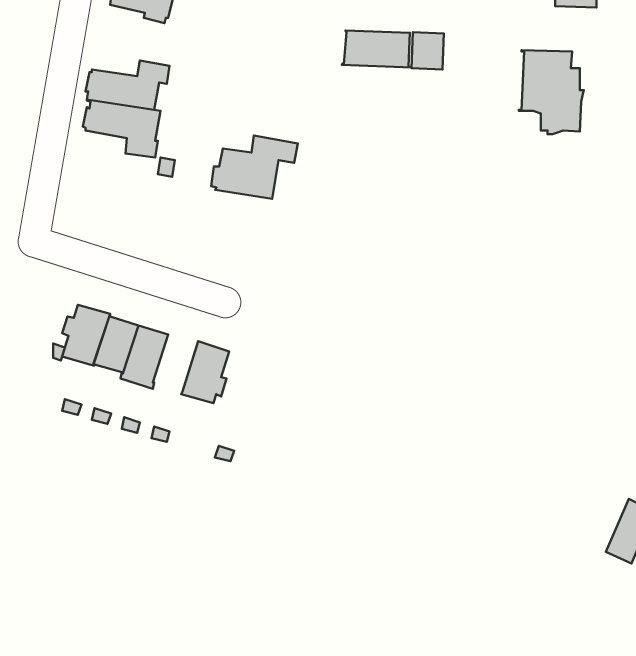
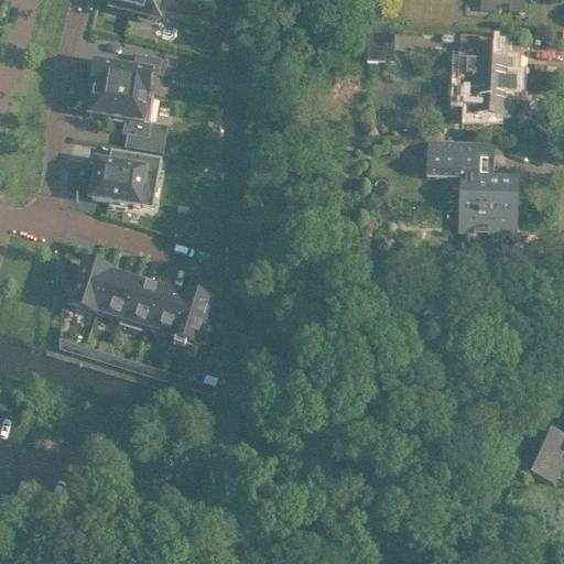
building: [342,30,412,67] -> none
building: [211,136,298,199] -> [87,149,161,203]
building: none -> [427,138,517,229]
building: none -> [145,285,184,336]

